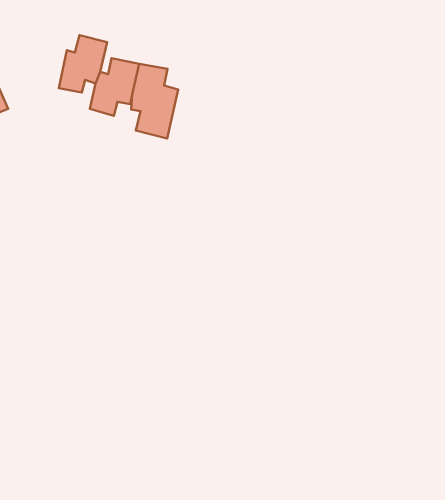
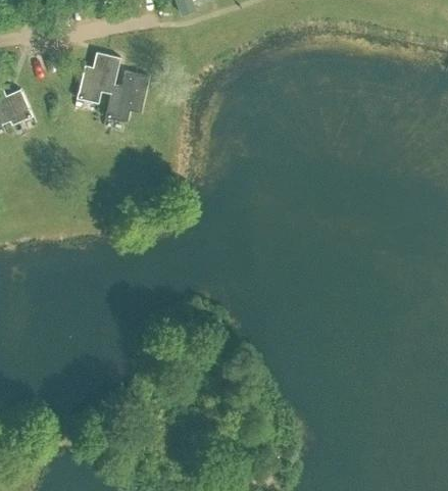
building: [131,64,178,138] -> none

